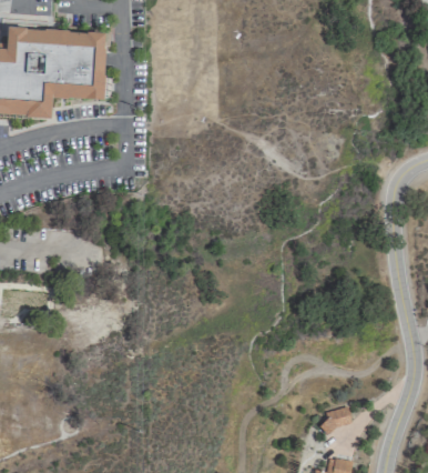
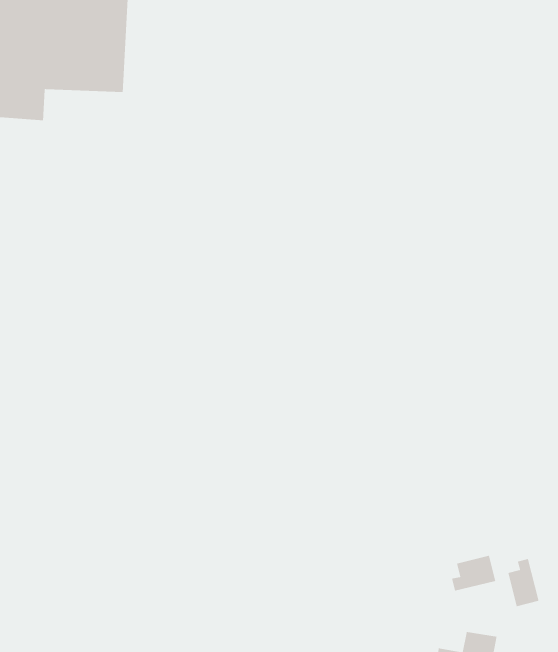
building: none -> [507,558,540,607]

